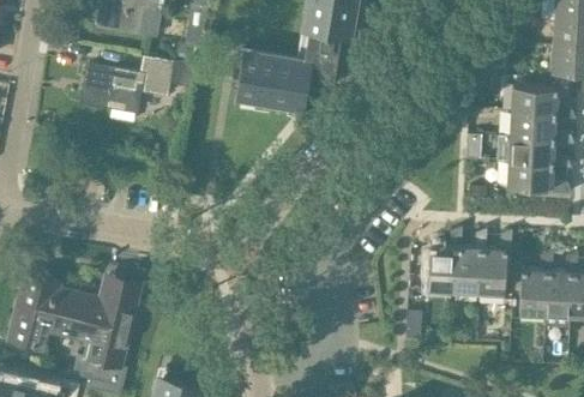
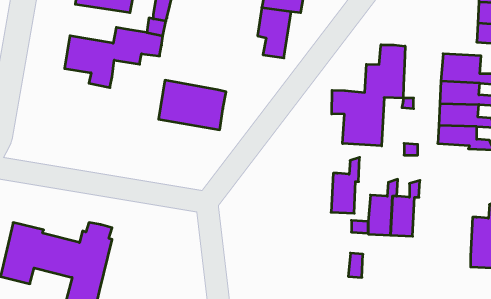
building: [235,54,312,110] -> [159,80,226,130]
building: none -> [332,45,405,146]
building: [478,230,511,294] -> [331,157,360,213]
building: [520,252,553,315] -> none

